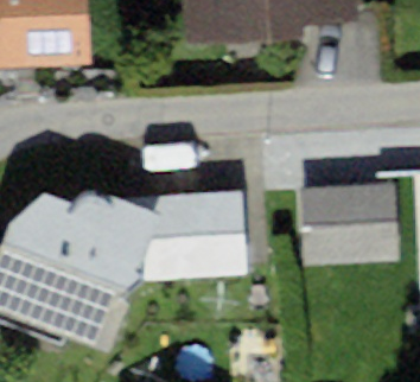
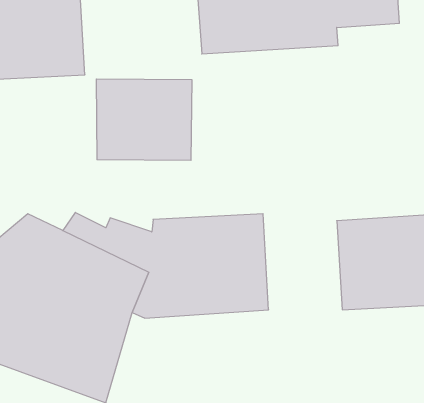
building: none -> [97,79,192,160]

